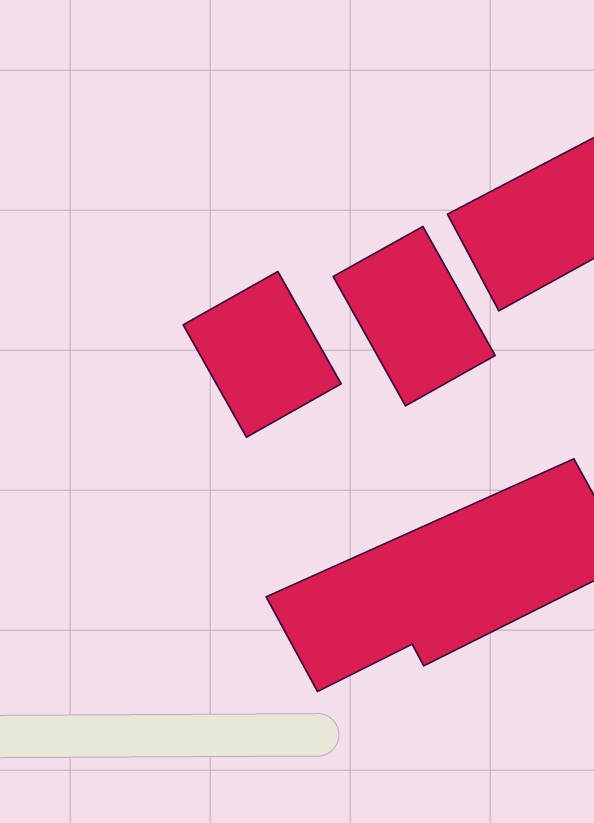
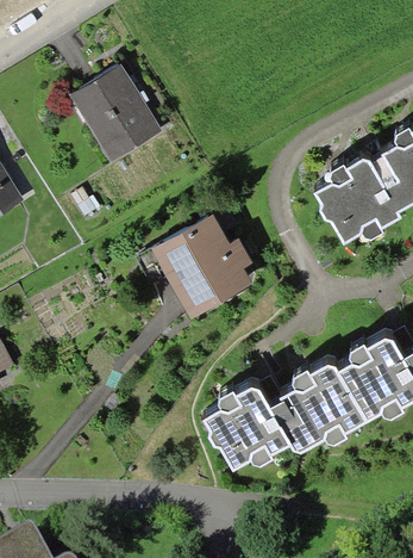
building: none -> [69,63,165,166]
building: [333,226,495,406] -> none

